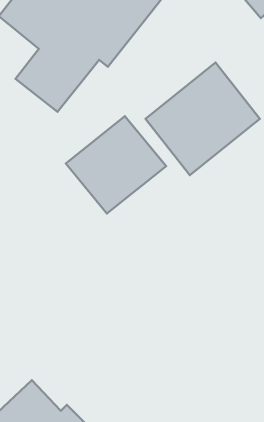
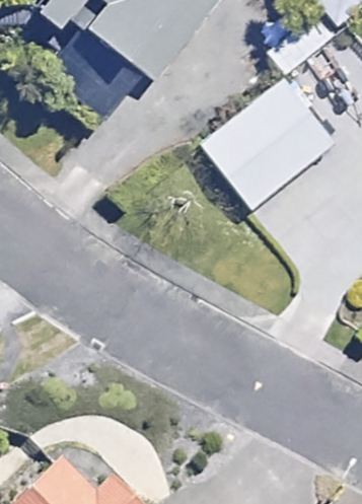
building: [66,116,166,214] -> none

